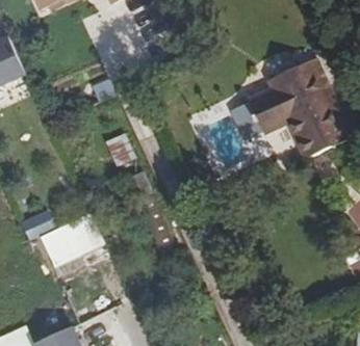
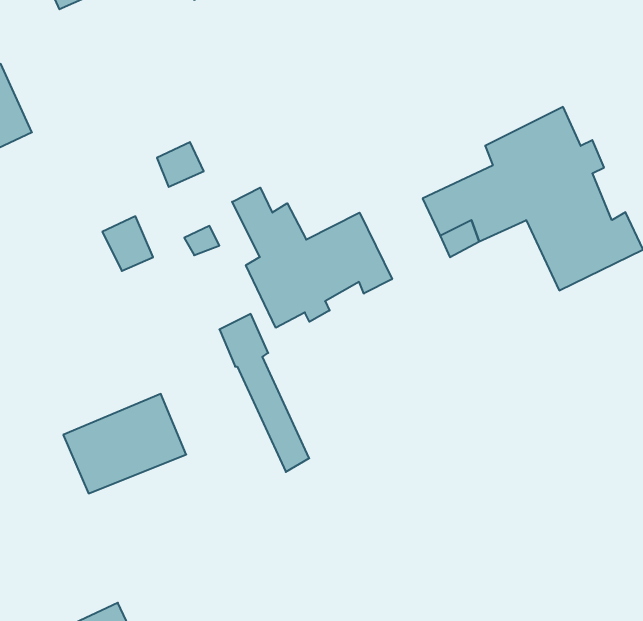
building: none -> [232,188,392,328]

